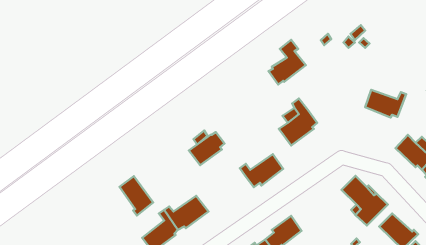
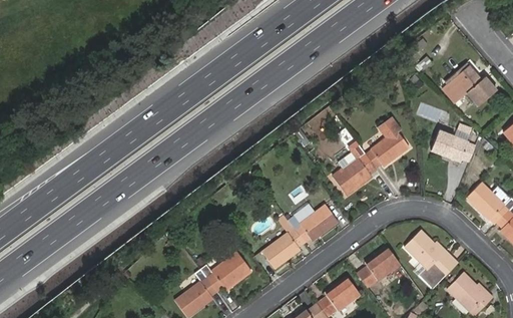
building: none -> [447,66,496,105]
building: [268,40,306,84] -> [366,117,409,169]
building: [189,132,225,165] -> [263,230,304,268]
building: [120,176,153,216] -> none
building: none -> [357,246,401,287]

